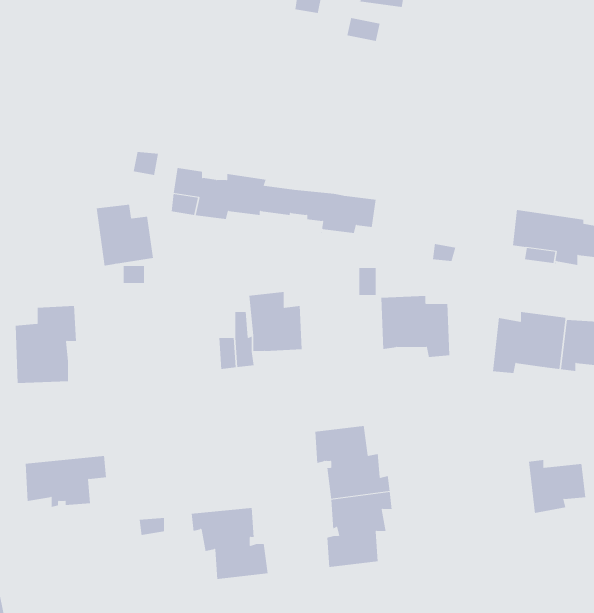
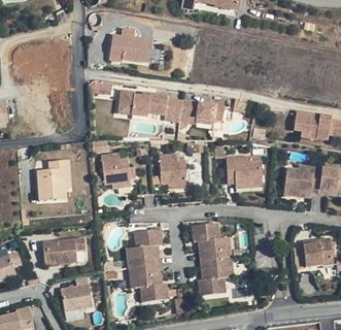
building: none -> [110,33,154,62]
building: [96,204,154,266] -> [101,152,131,184]
building: none -> [128,228,163,267]
building: none -> [61,275,93,311]

